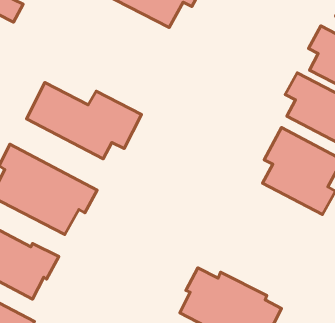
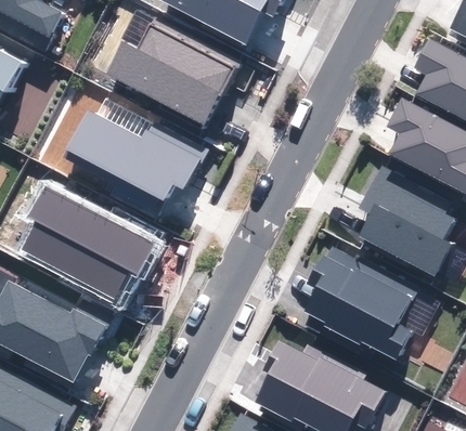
building: none -> [106,19,236,125]
building: none -> [306,246,414,356]

